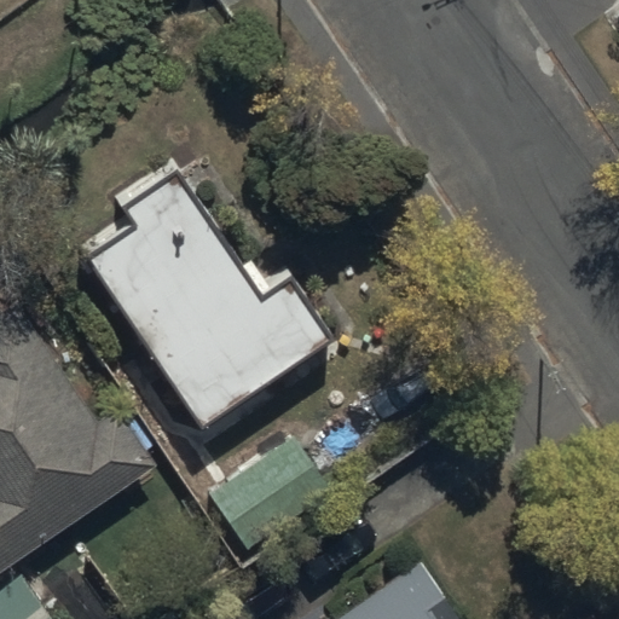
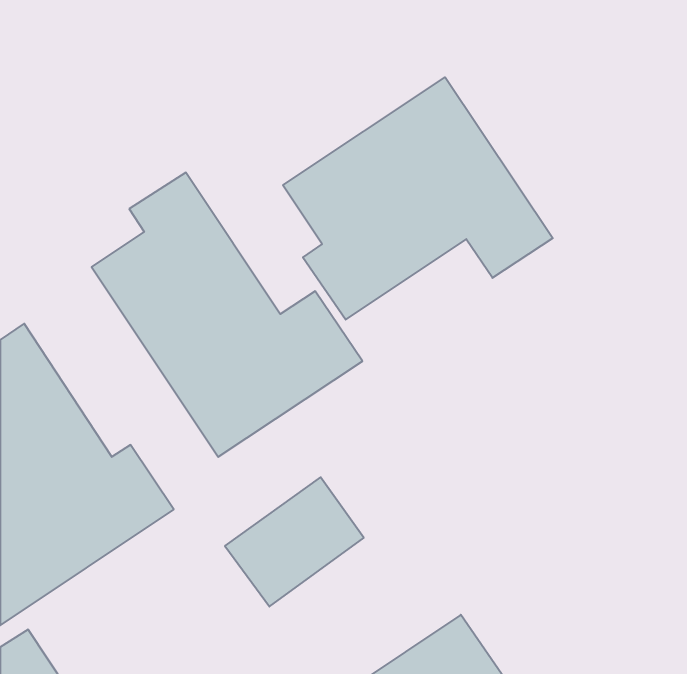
building: none -> [283,77,553,320]

